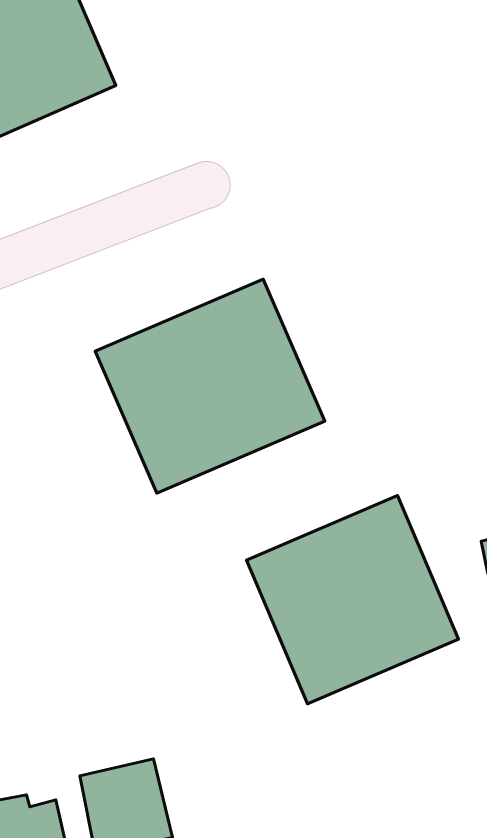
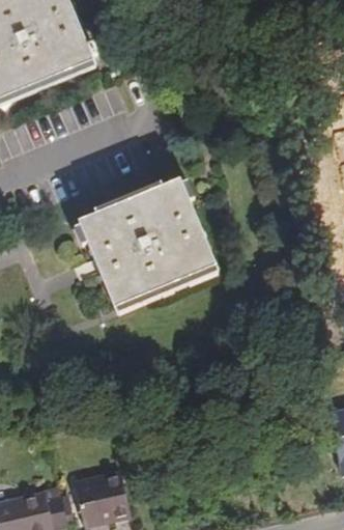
building: [246,495,458,704] -> none

